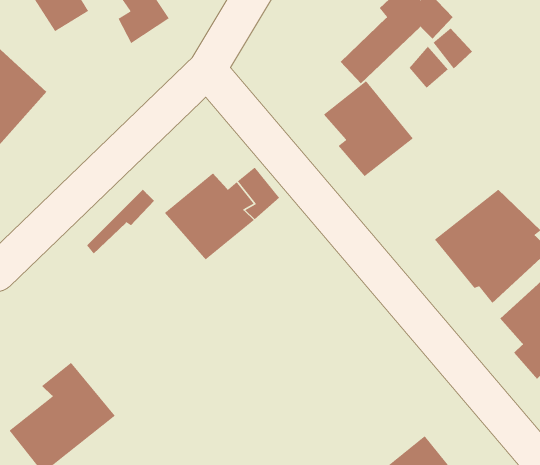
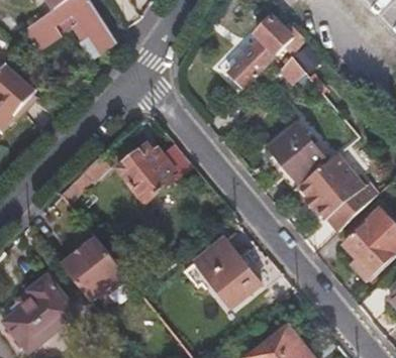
building: [323,80,414,177] -> [267,123,328,189]
building: none -> [60,238,125,304]
building: none -> [195,240,261,308]

